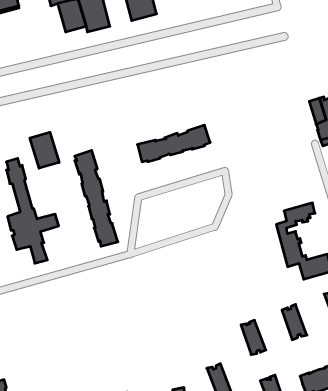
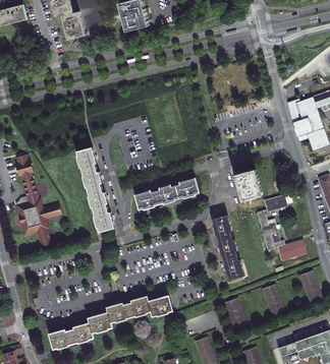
building: [137,125,210,162] -> [134,177,200,209]
building: [30,132,59,168] -> none
building: none -> [234,169,262,201]
building: none -> [212,215,244,280]
building: none -> [49,295,172,349]

